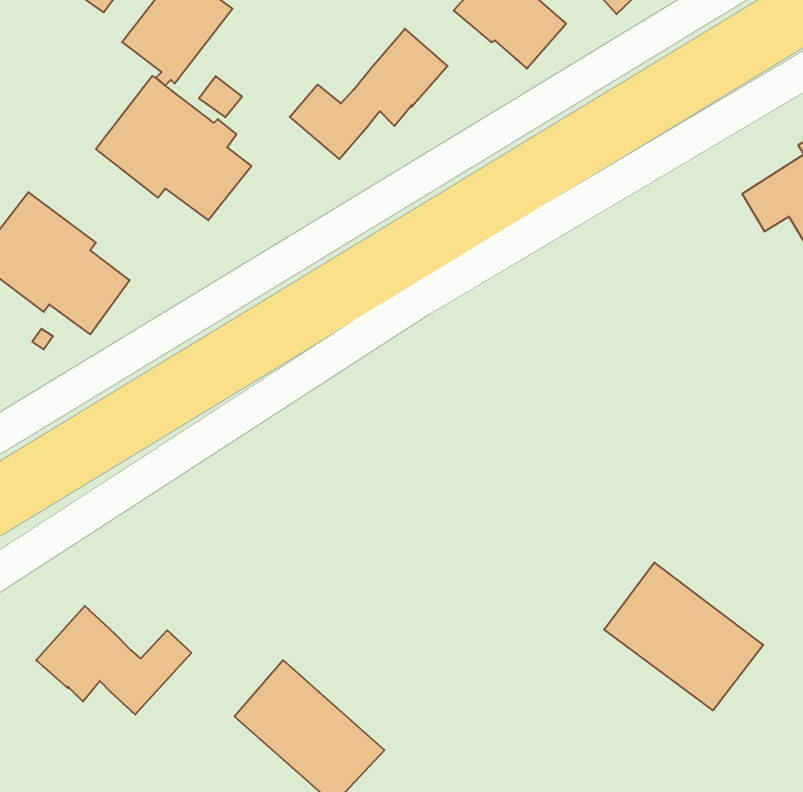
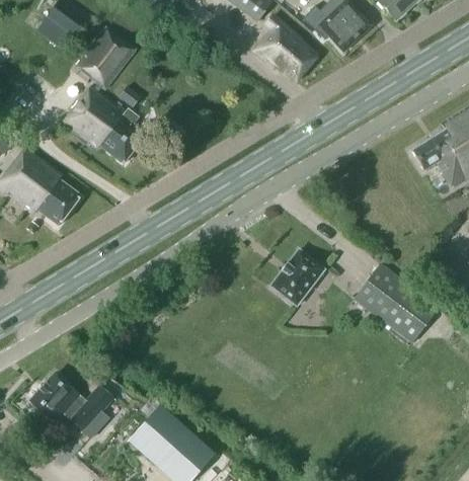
building: [290,29,448,159] -> none
building: none -> [270,249,324,305]
building: [604,562,763,710] -> [353,262,439,342]

